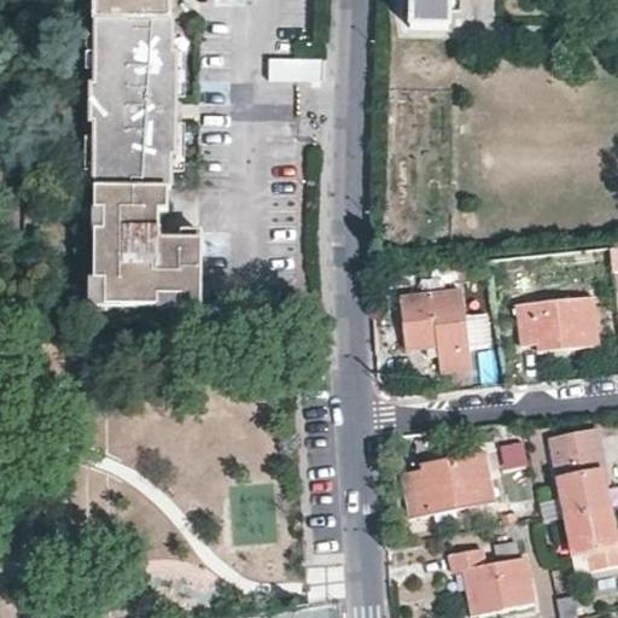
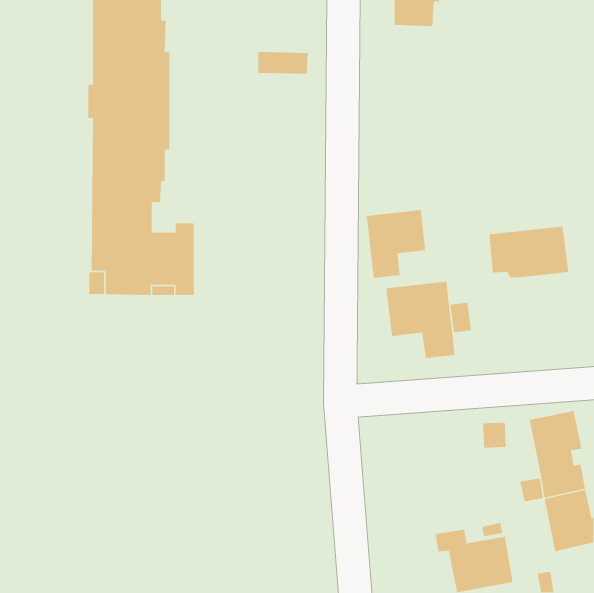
building: none -> [366,209,426,279]
building: [515,295,599,349] -> [489,226,569,278]
building: [402,450,494,519] -> none

